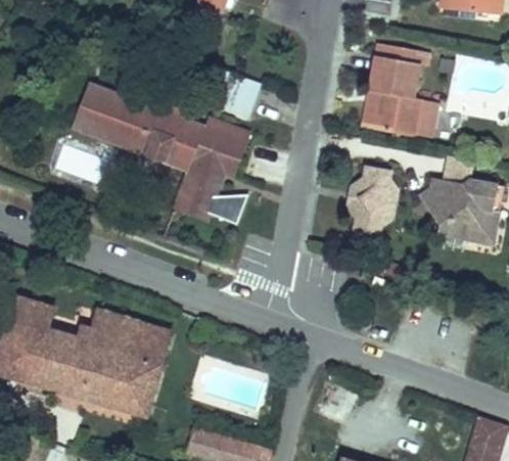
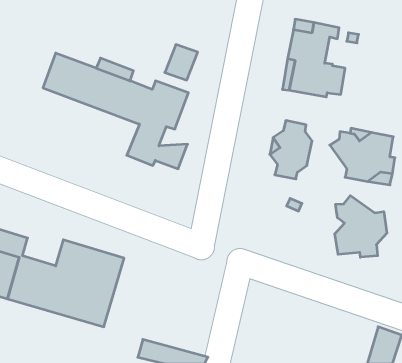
building: none -> [335,196,387,257]

